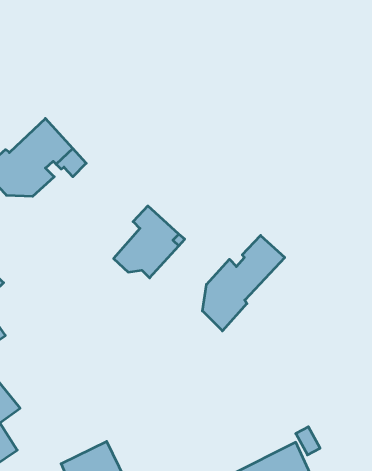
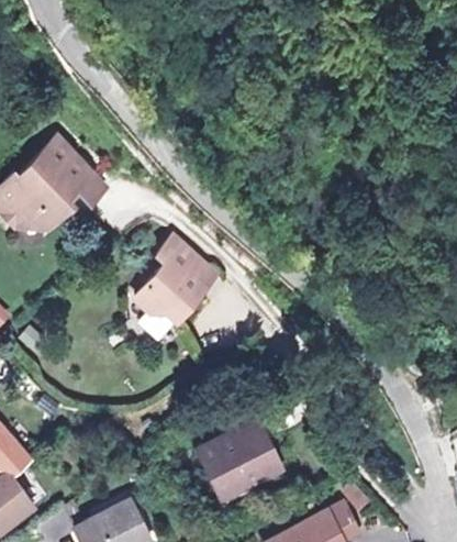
building: [202,235,285,331] -> none
building: none -> [197,417,287,489]

